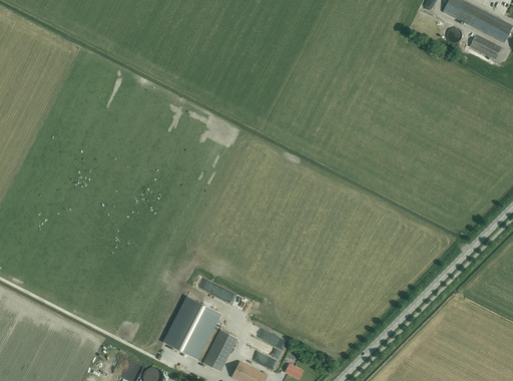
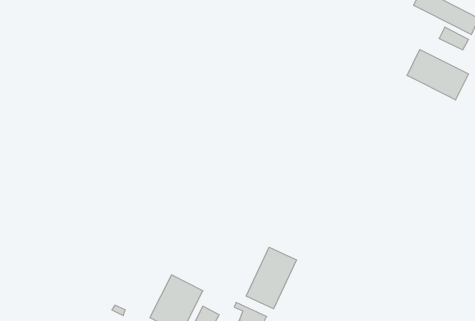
building: none -> [407,50,468,100]
building: none -> [246,247,296,309]

